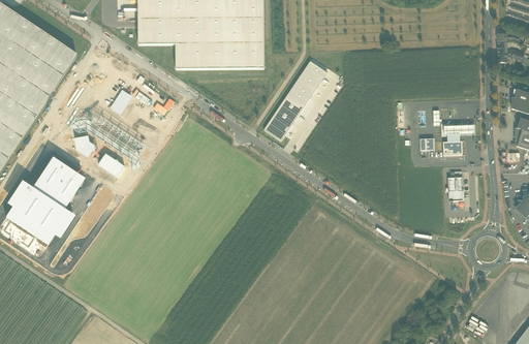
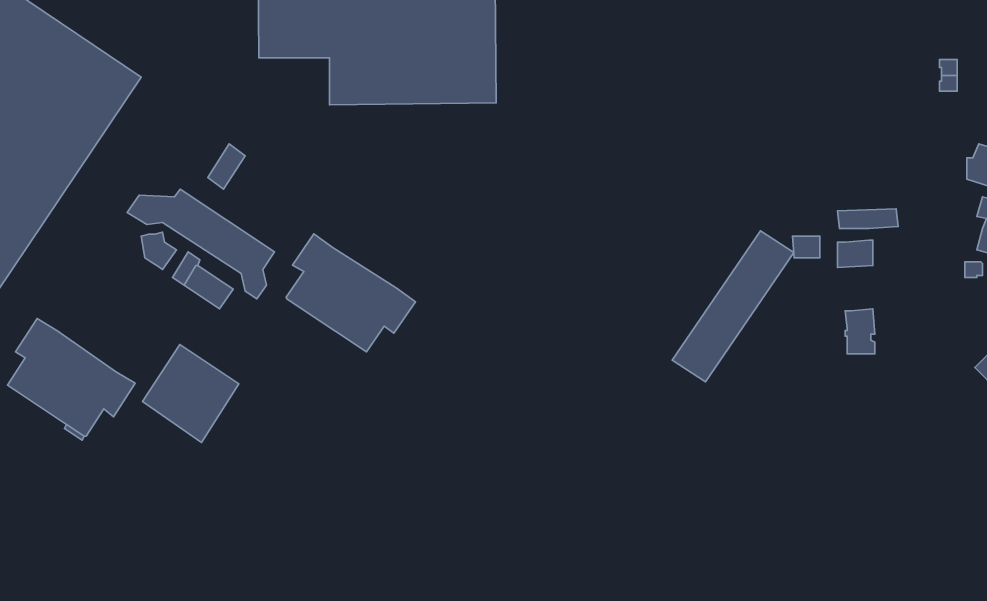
building: [263,60,328,139] -> [672,231,794,382]
building: none -> [286,234,415,352]
building: [32,157,83,209] -> [143,344,239,443]

